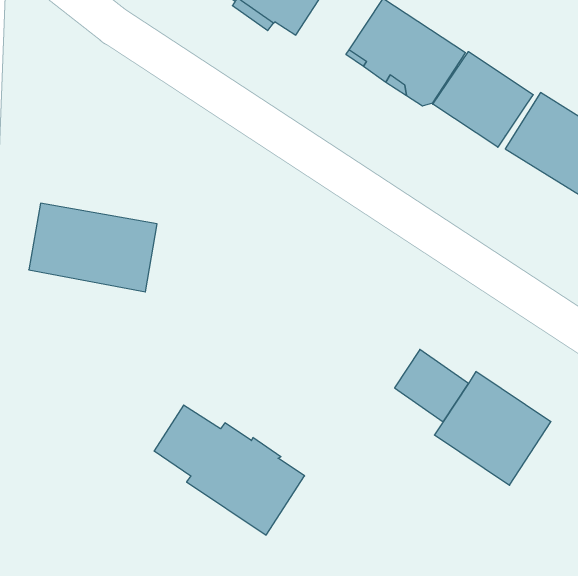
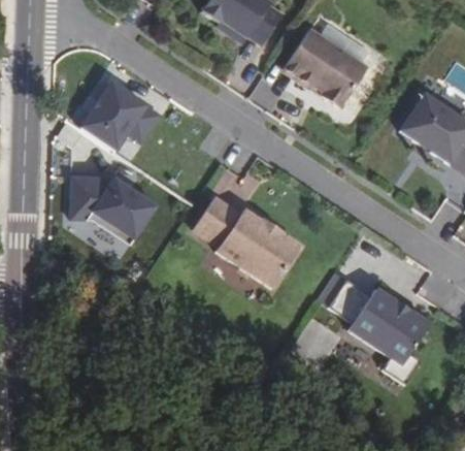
building: [433,52,533,147] -> none
building: none -> [73,74,165,162]
building: [154,405,305,535] -> [196,199,301,290]

